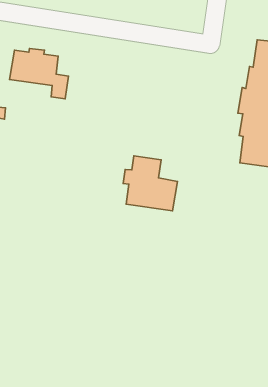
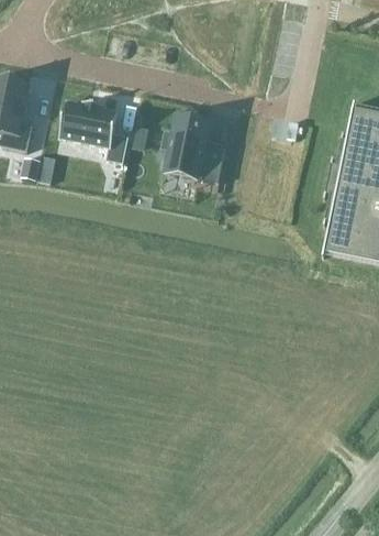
building: [123,156,177,211] -> [163,116,226,183]

